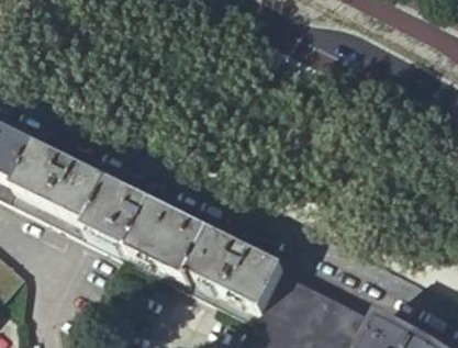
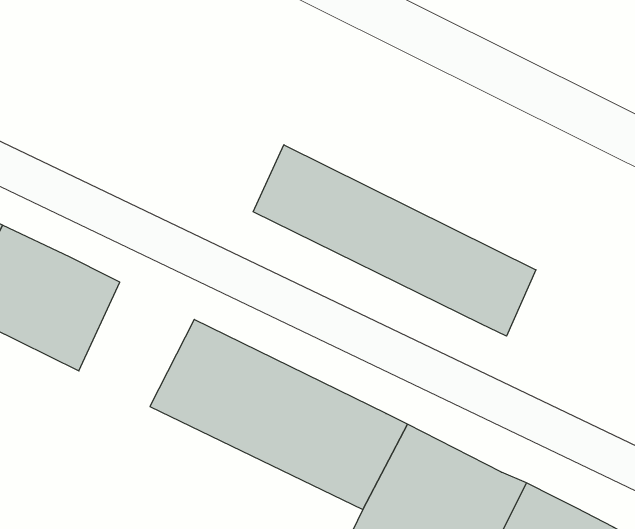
building: none -> [253,145,536,336]
building: [82,178,154,255] -> none

